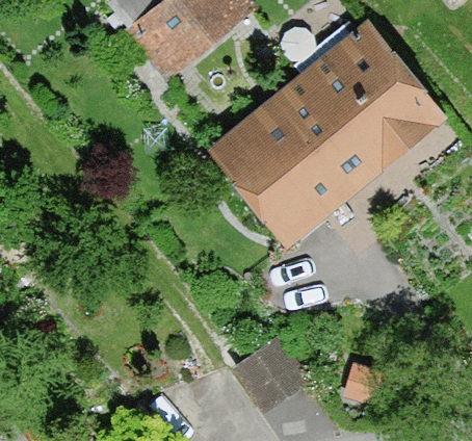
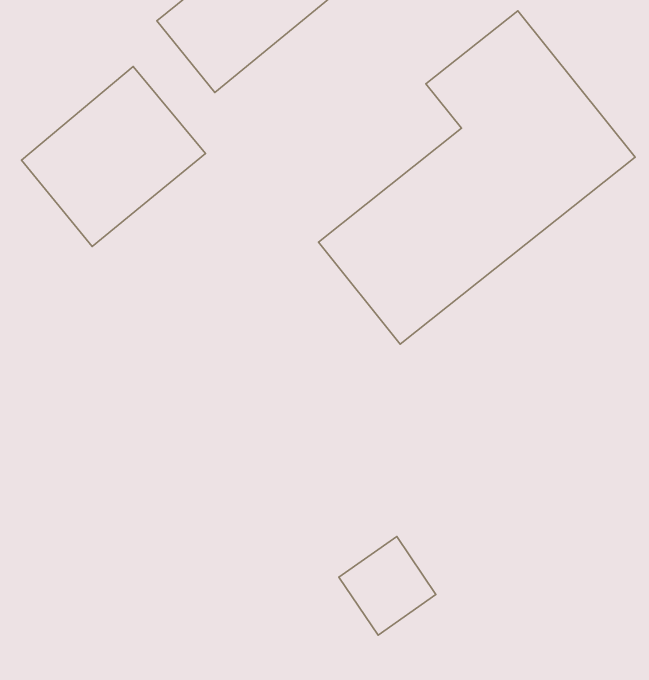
building: none -> [22,67,205,247]

